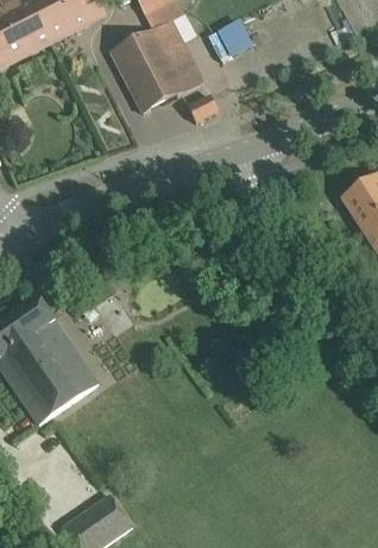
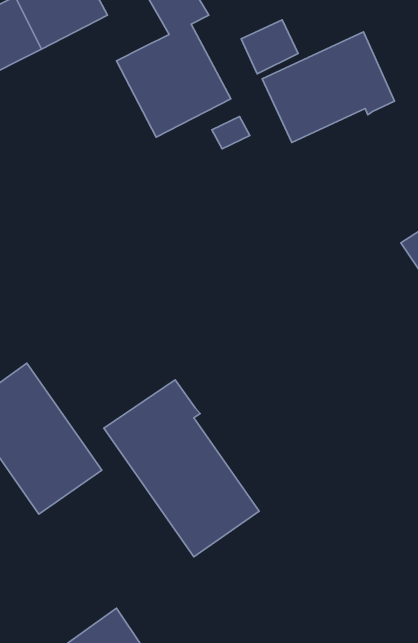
building: none -> [262,32,395,143]
building: none -> [104,380,259,557]

